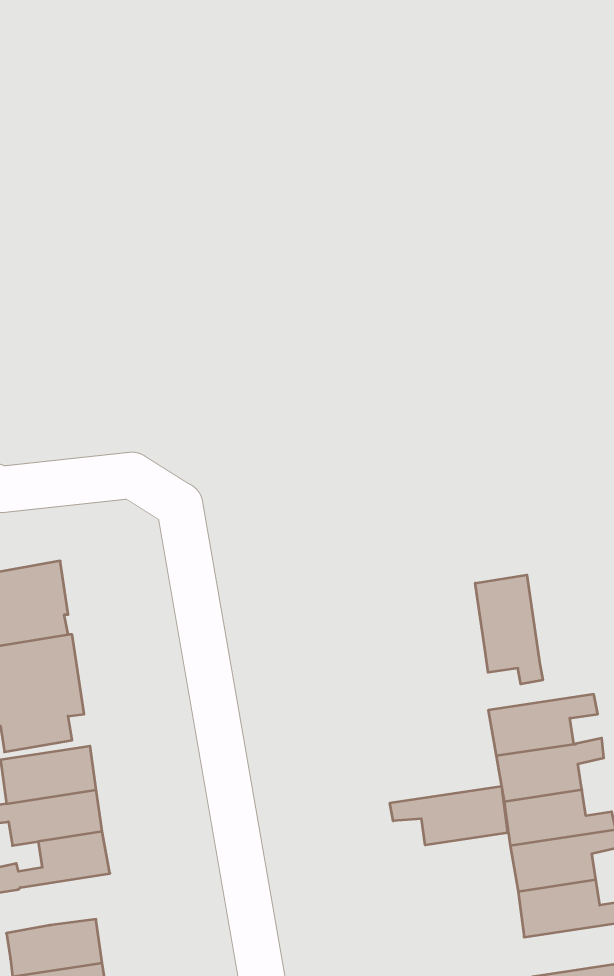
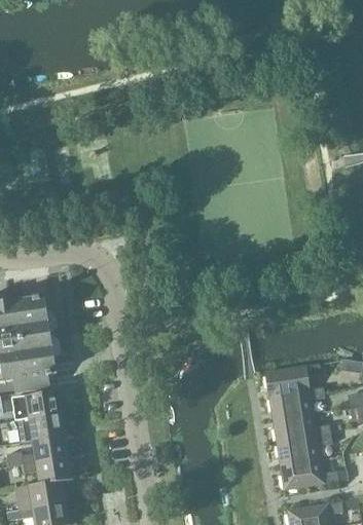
building: [475,575,543,684] -> none
building: [390,786,507,845] -> none
building: none -> [23,455,73,482]

